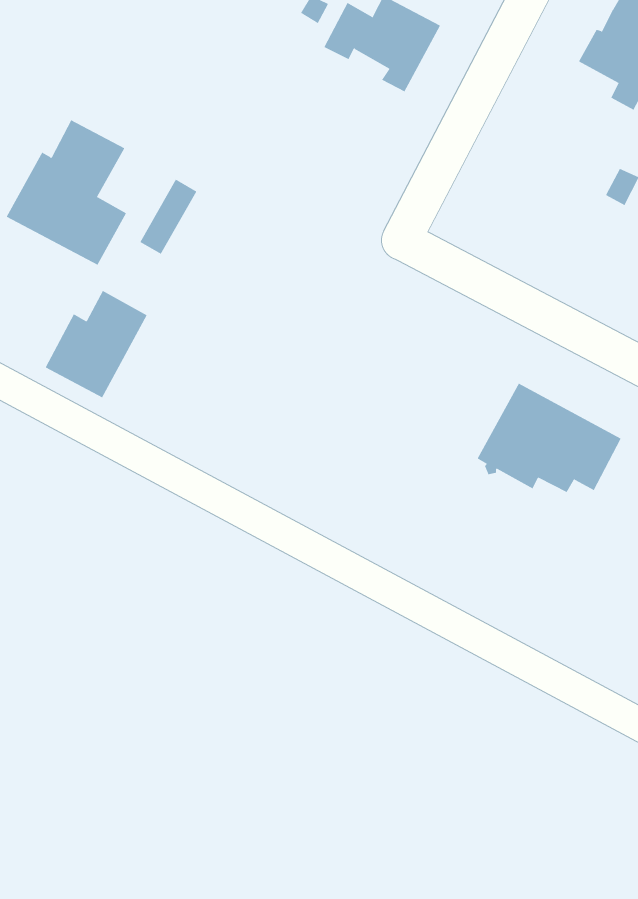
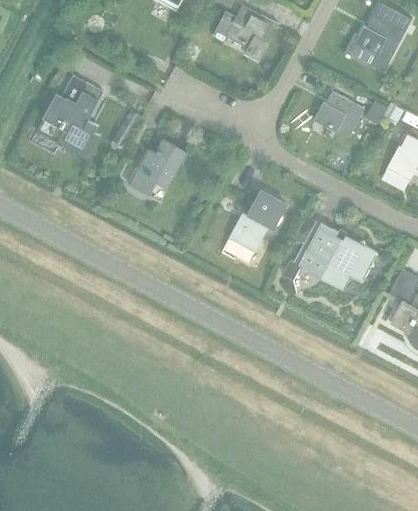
building: none -> [313,92,364,137]
building: [45,290,148,398] -> [130,139,187,199]
building: none -> [228,191,286,252]

